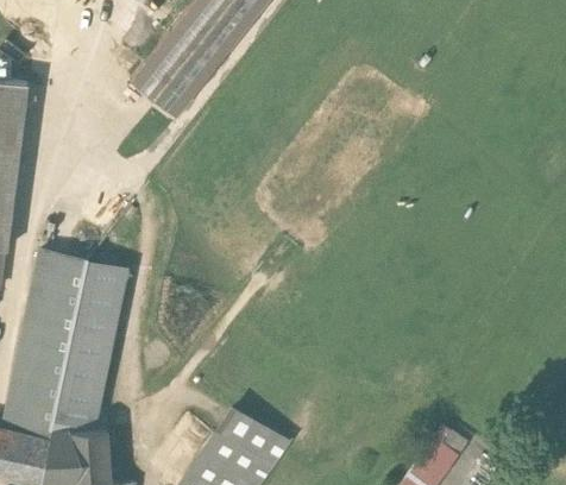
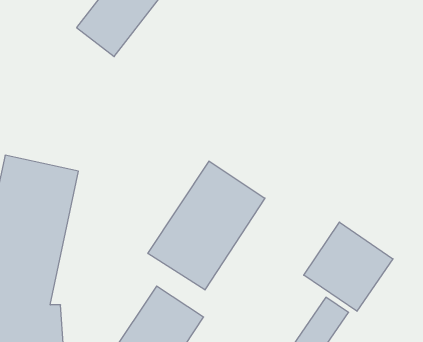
building: none -> [148,161,265,290]
building: none -> [304,222,393,311]

